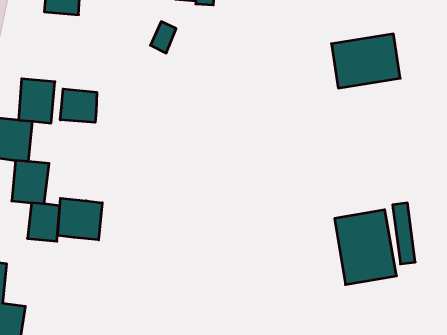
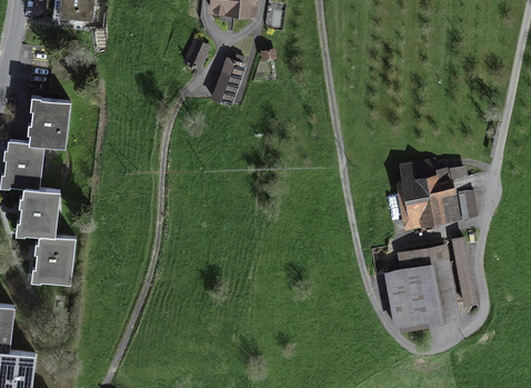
building: [331,34,400,88] -> [397,166,474,227]
building: none -> [210,57,244,103]
building: [60,89,97,122] -> none
building: [58,198,102,240] -> none

